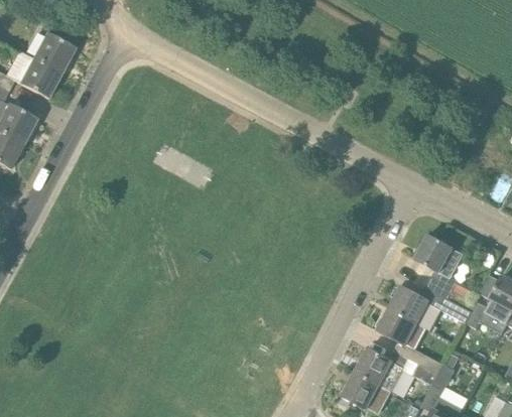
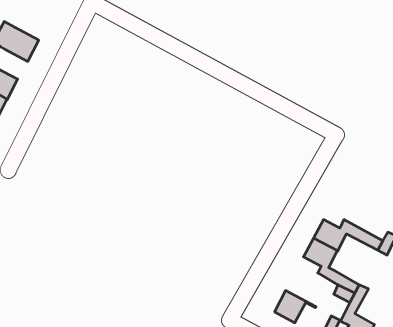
building: [33,33,75,73] -> none
building: [414,235,478,311] -> none
building: [356,348,404,390] -> none

